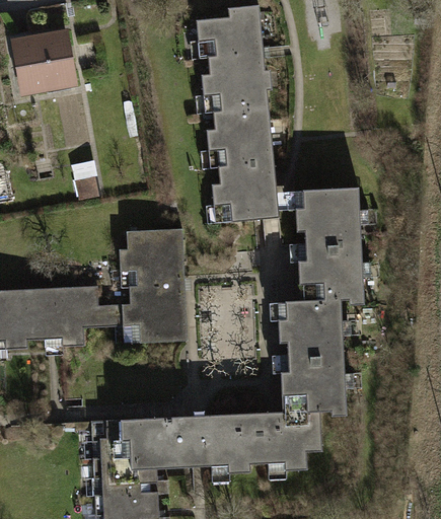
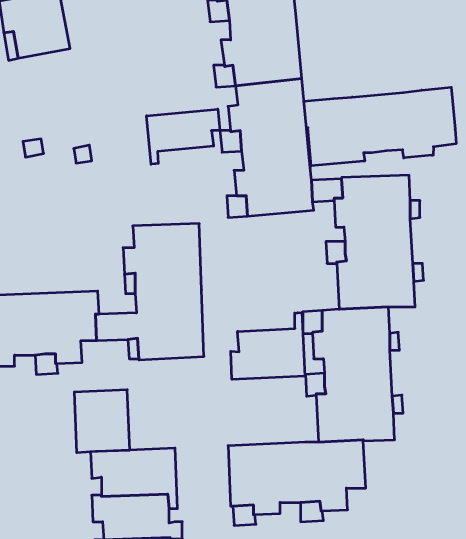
building: none -> [304,87,456,166]
building: none -> [147,109,220,164]
building: none -> [231,312,305,379]
building: [162,415,209,467] -> [74,390,130,453]

